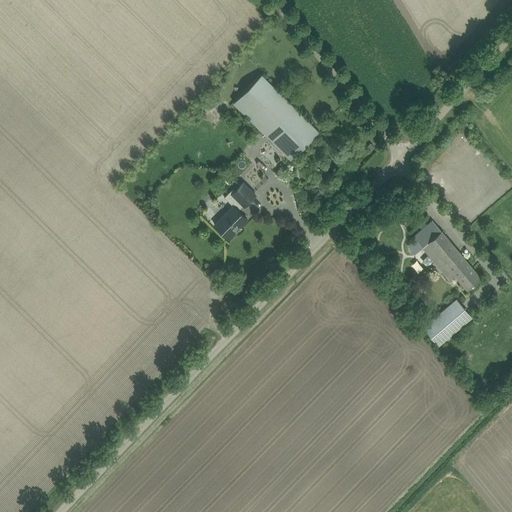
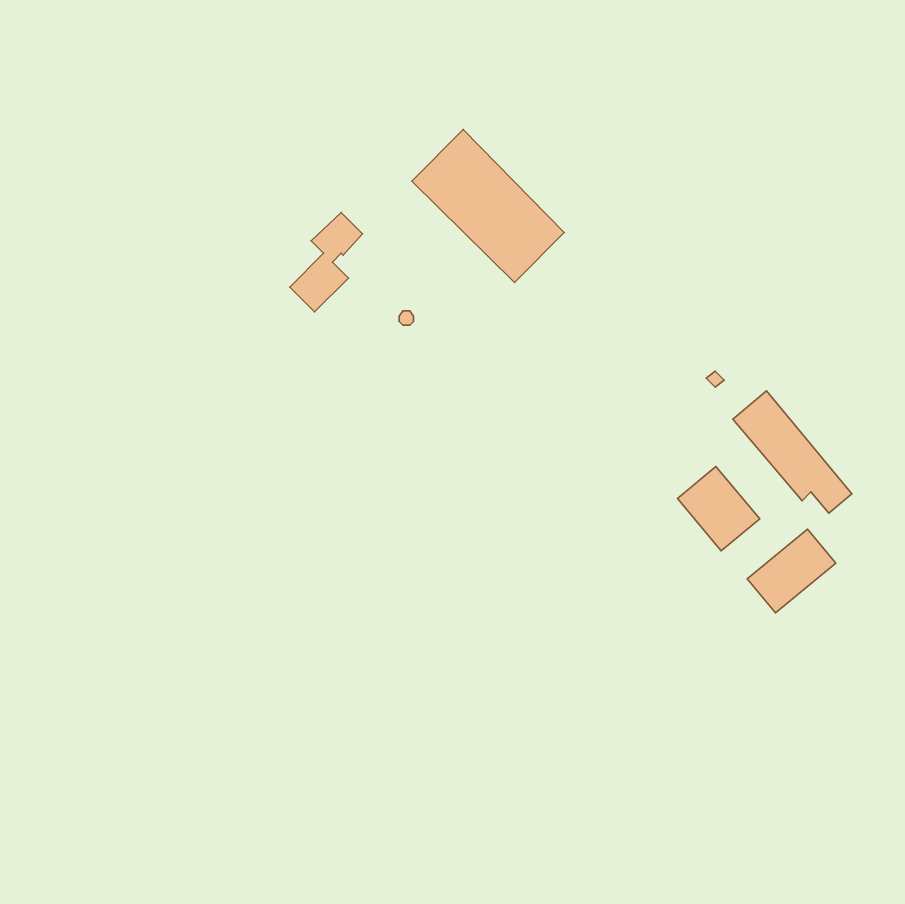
building: [214,184,255,240] -> [290,212,363,312]
building: none -> [677,467,760,551]

